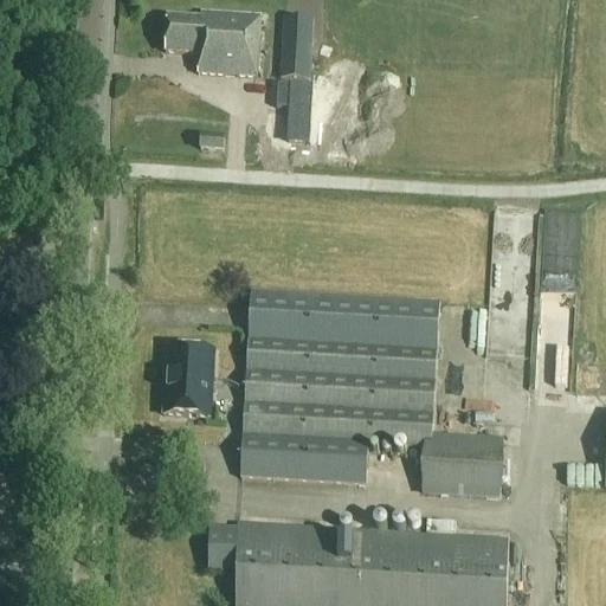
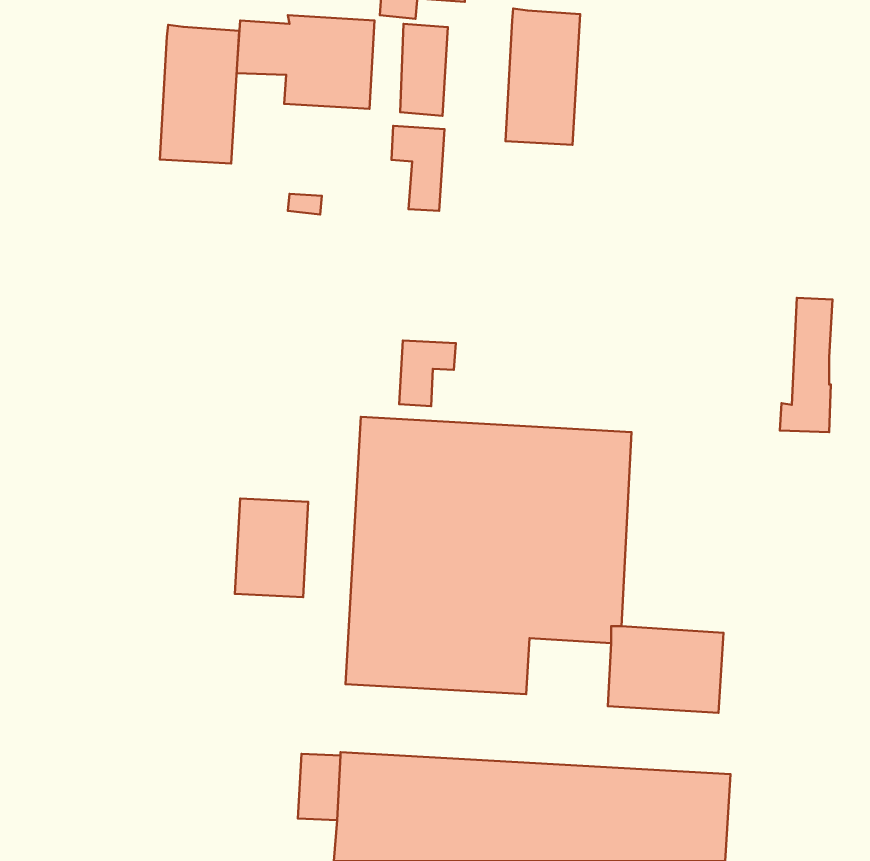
building: none -> [506,9,580,145]
building: none -> [160,25,239,164]
building: none -> [399,340,456,406]

